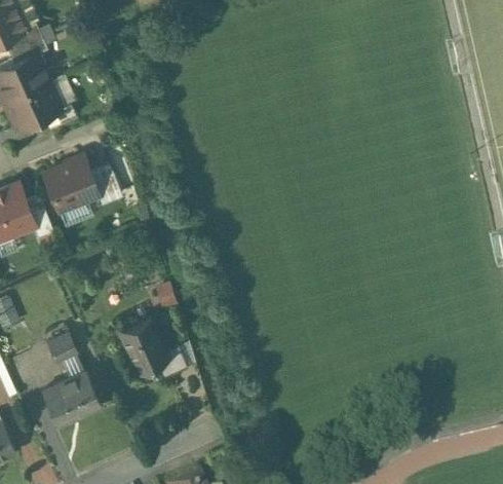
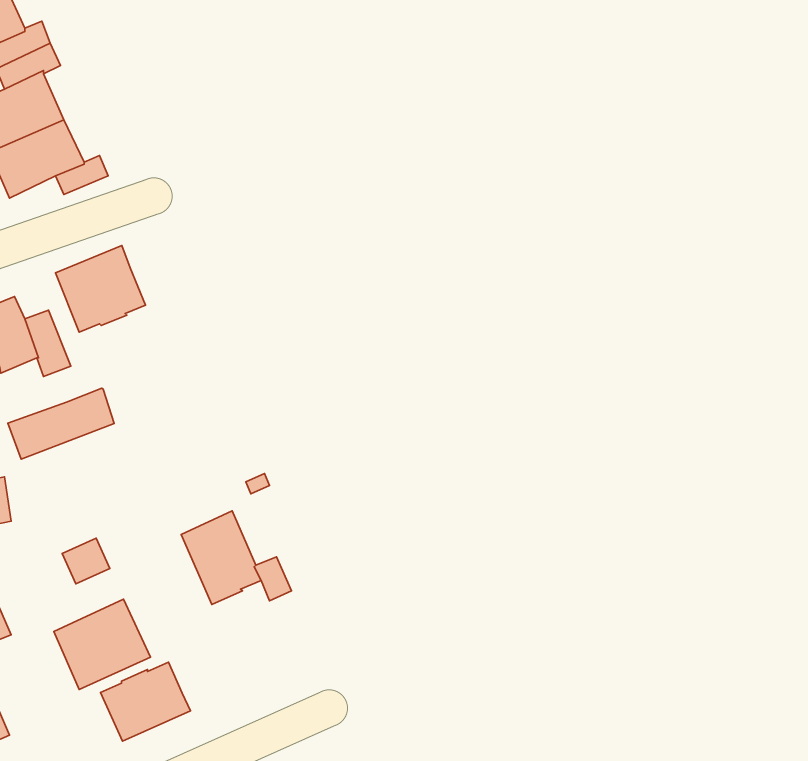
building: [87,163,118,199] -> none
building: none -> [8,388,114,459]
building: none -> [100,662,190,741]

